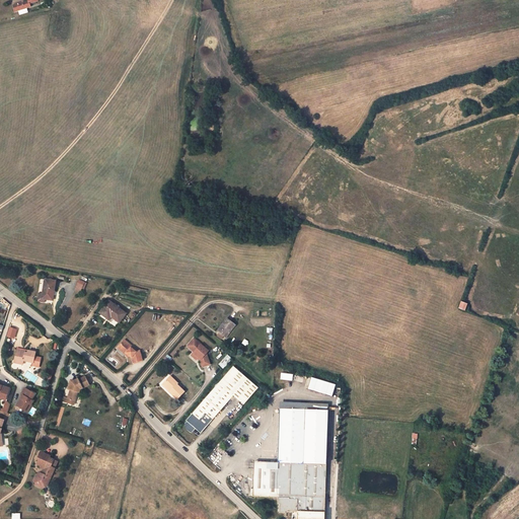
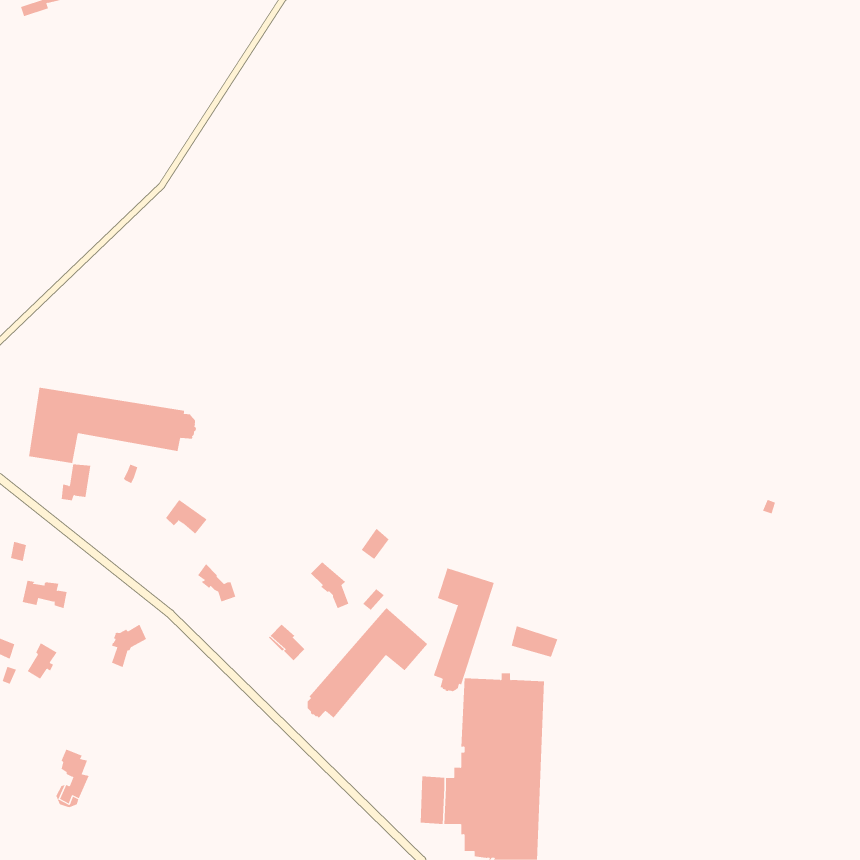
building: none -> [28,387,196,464]
building: none -> [433,567,495,692]

